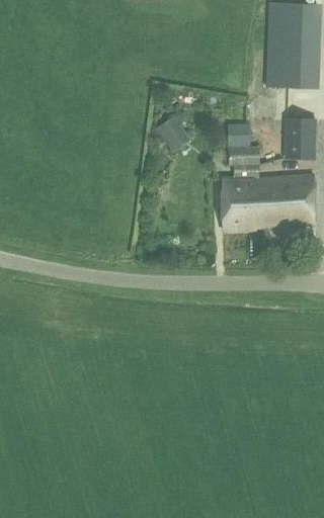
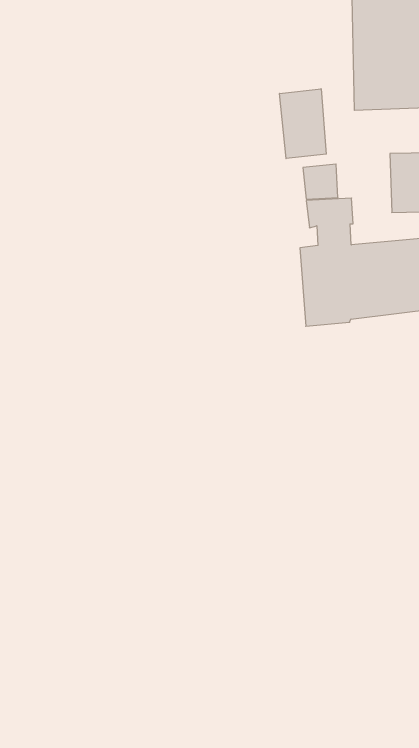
building: none -> [280,89,326,159]
building: [157,114,190,150] -> none

